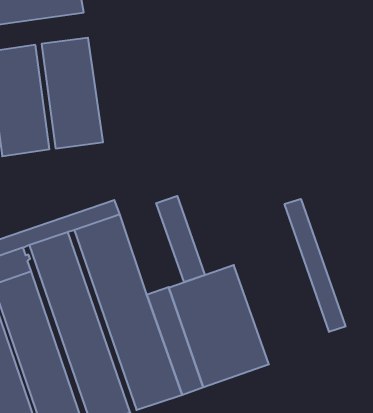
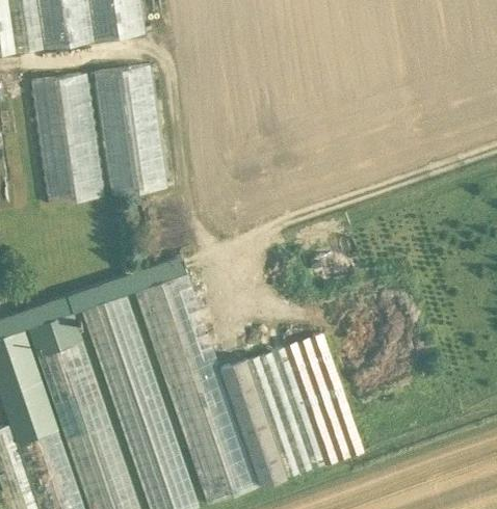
building: [156,196,205,282] -> none
building: [285,199,346,332] -> none

